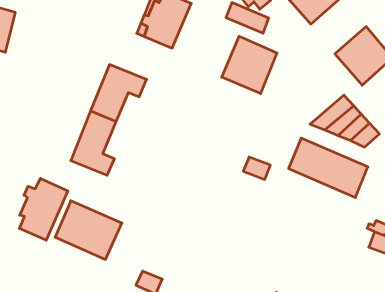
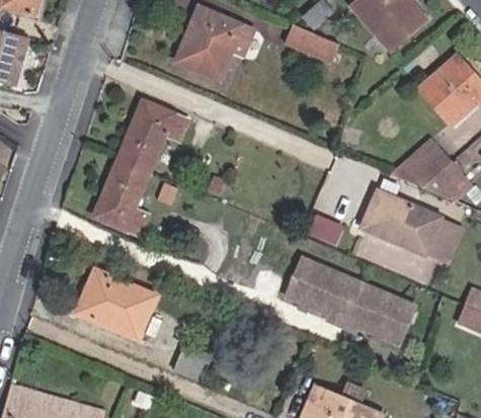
building: [222,36,277,94] -> none
building: [19,178,68,240] -> none
building: none -> [284,256,416,344]

